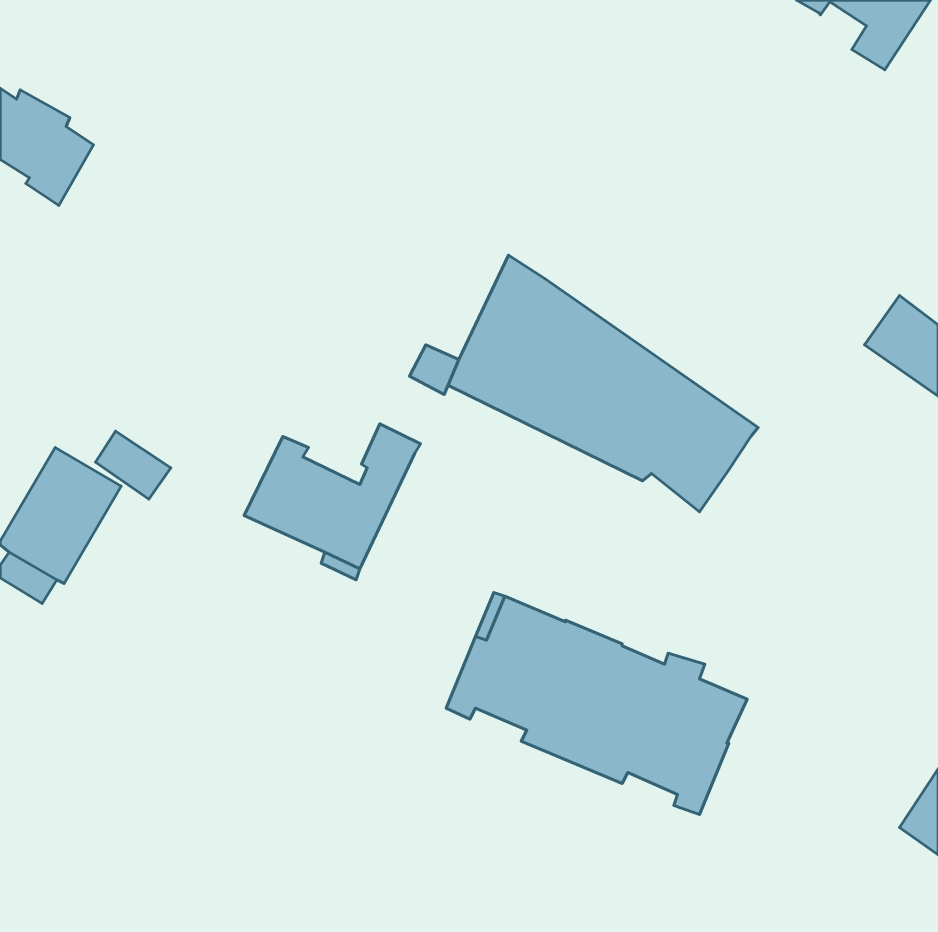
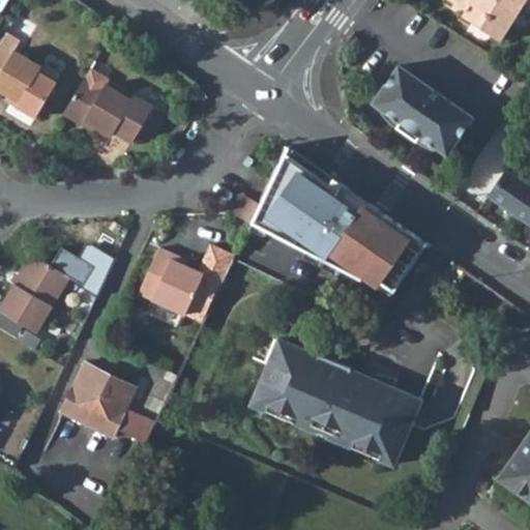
building: none -> [370,65,469,155]
building: none -> [63,83,160,145]
building: none -> [61,363,155,443]

